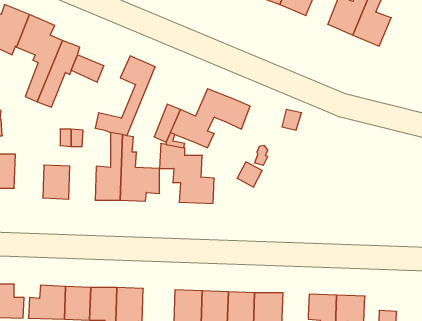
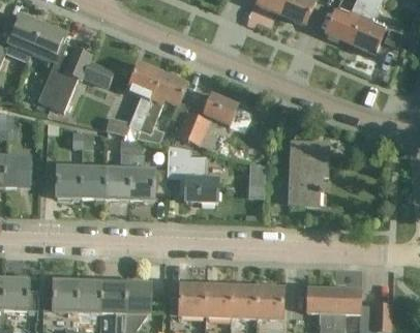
building: none -> [136,72,187,141]
building: none -> [289,140,329,205]
building: none -> [81,166,107,199]

